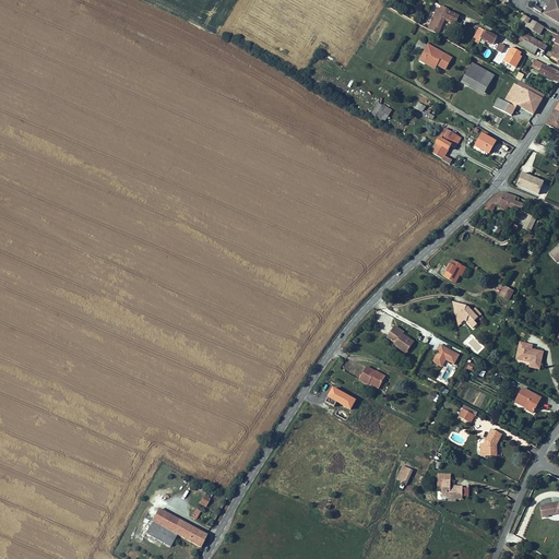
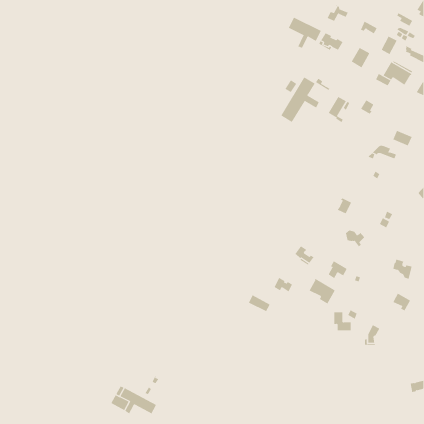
building: none -> [288,17,321,48]
building: none -> [281,77,319,123]
building: none -> [309,278,336,304]
building: [437,474,461,499] -> [333,312,352,331]

